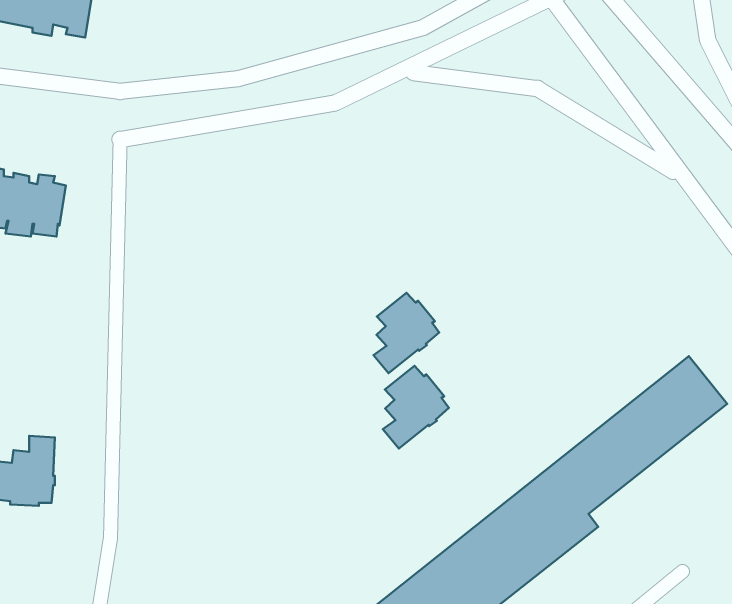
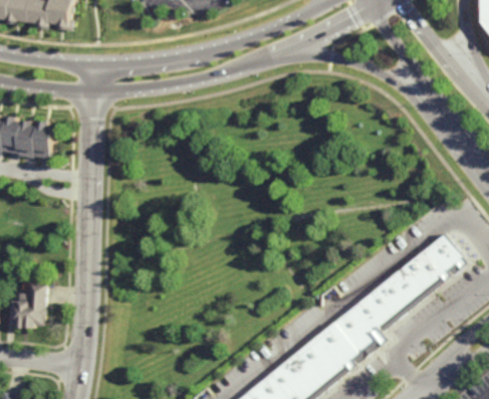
building: [374,293,439,373] -> none
building: [383,366,449,448] -> none

